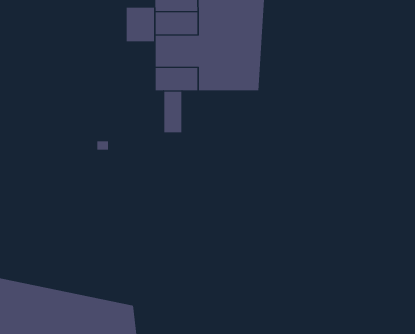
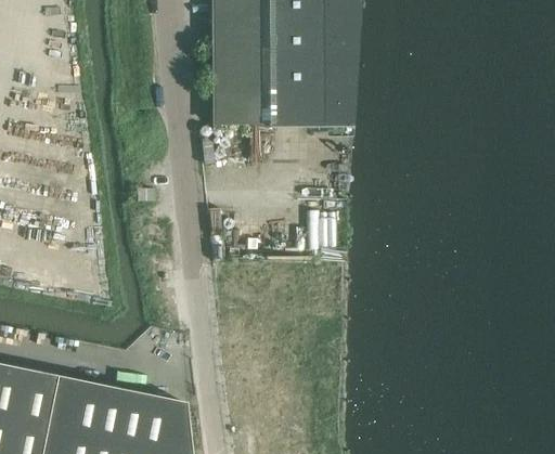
building: [126,7,155,42] -> none
building: [164,91,182,133] -> none

